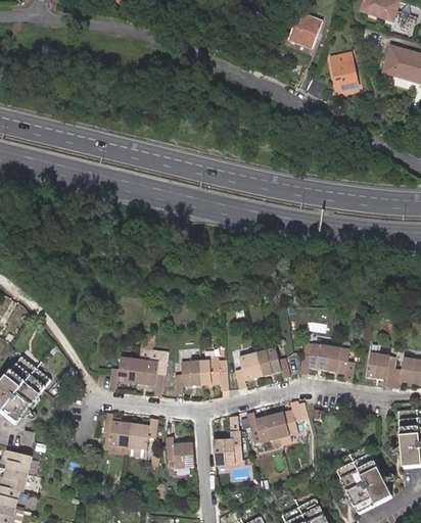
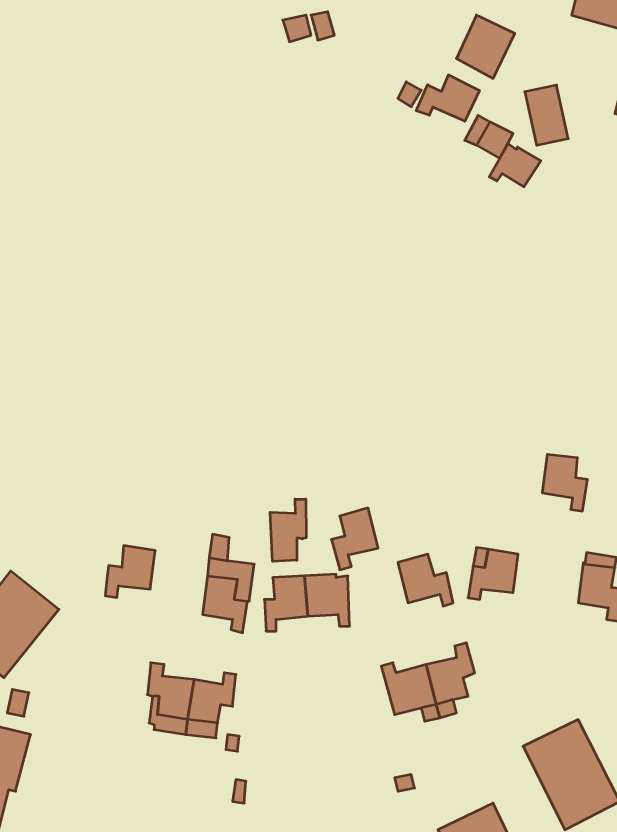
building: none -> [416,75,479,121]
building: none -> [489,144,541,187]
building: none -> [270,499,306,561]
building: [327,346,355,381] -> [542,454,587,511]
building: [234,351,263,389] -> [331,508,378,570]
building: [109,356,140,388] -> [105,546,155,597]
building: [213,432,240,466] -> none
building: [166,435,194,477] -> none

